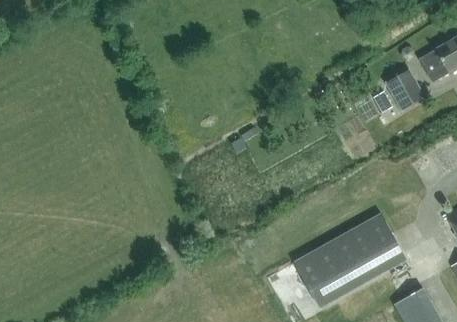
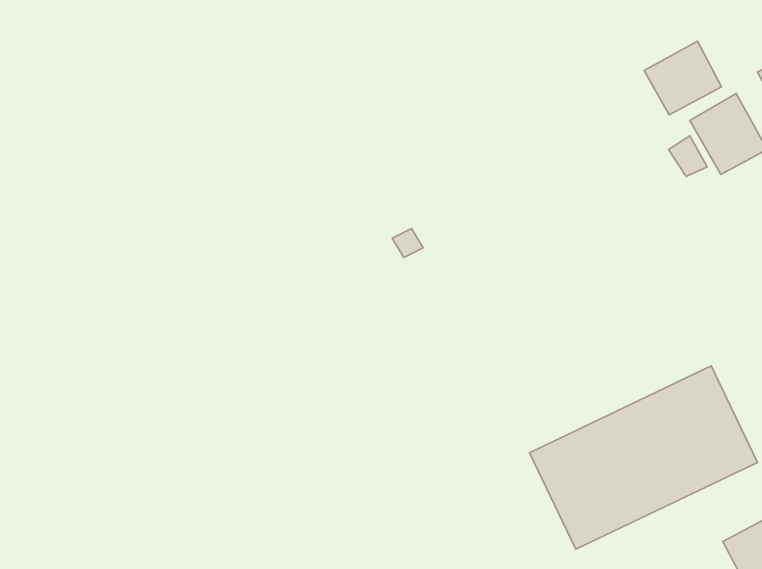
building: none -> [644,41,722,115]

